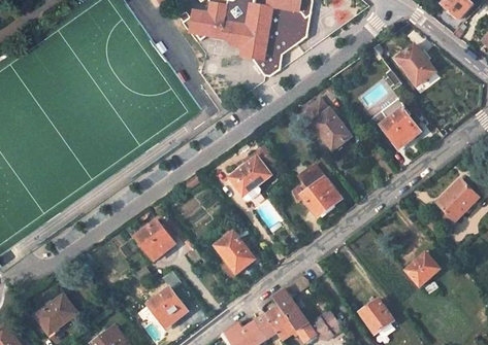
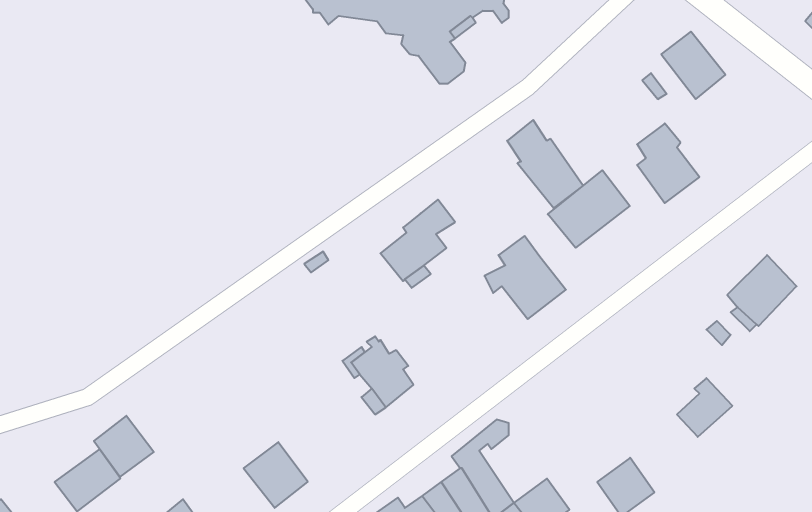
building: none -> [548,170,630,248]
building: [135,219,172,256] -> none
building: none -> [94,416,154,477]

